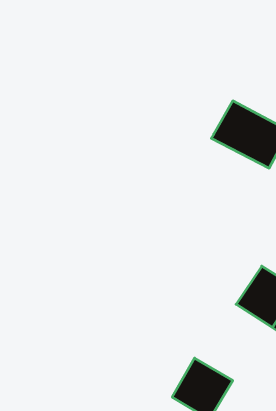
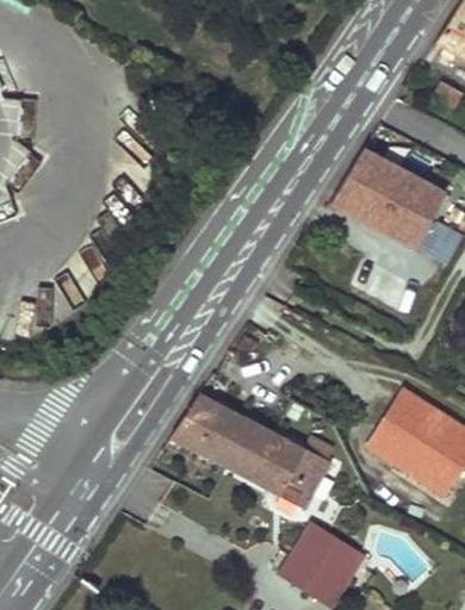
building: none -> [172,394,331,509]

